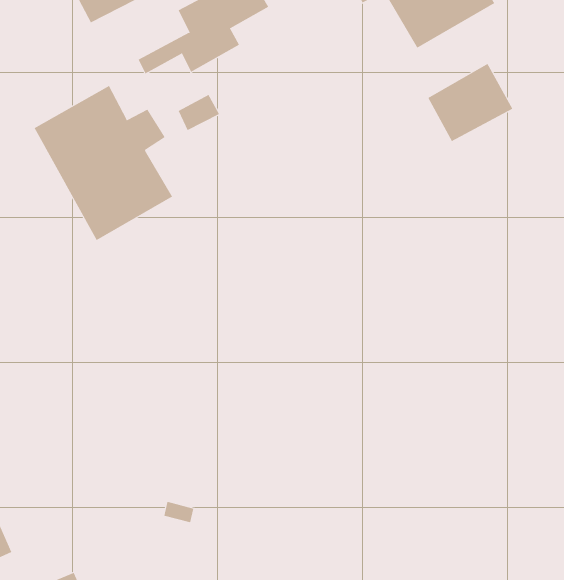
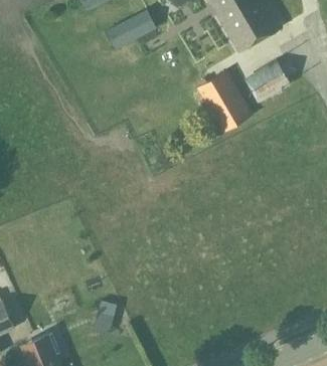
building: none -> [196,70,252,132]
building: [34,85,173,241] -> none

